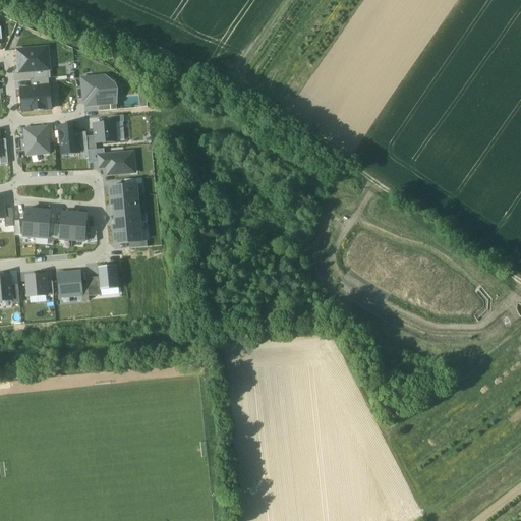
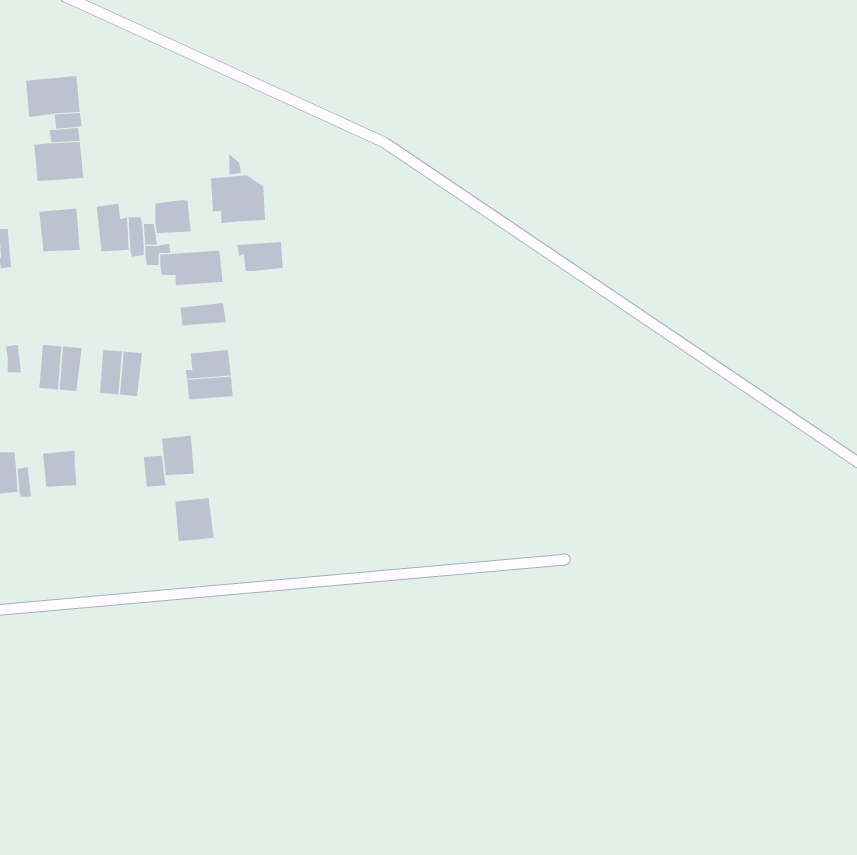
building: [81,75,115,105] -> [210,175,266,223]
building: [110,195,138,214] -> [236,241,283,272]
building: [58,270,82,296] -> [174,498,215,541]

